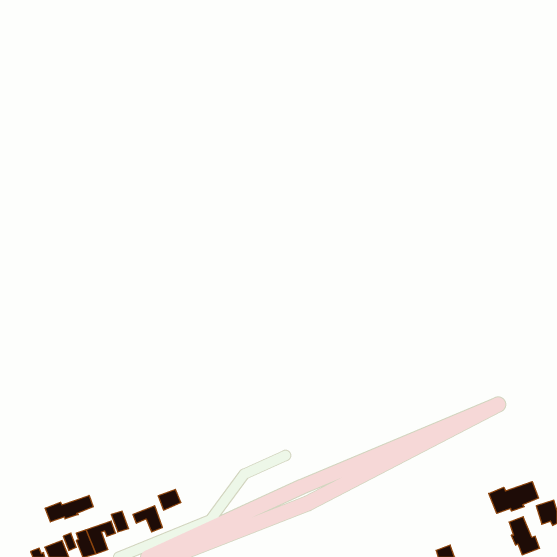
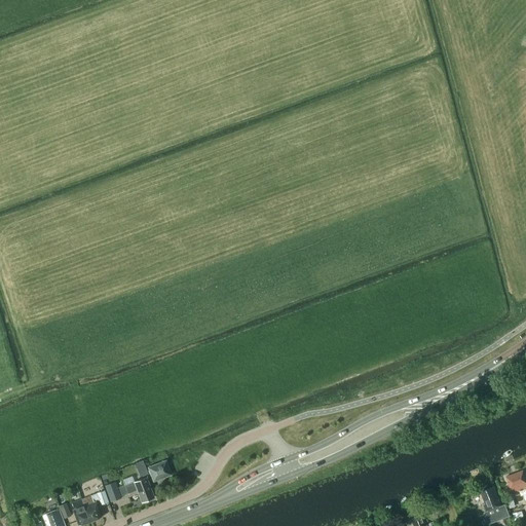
building: [489,482,539,513] -> none
building: [45,495,93,522] -> none

